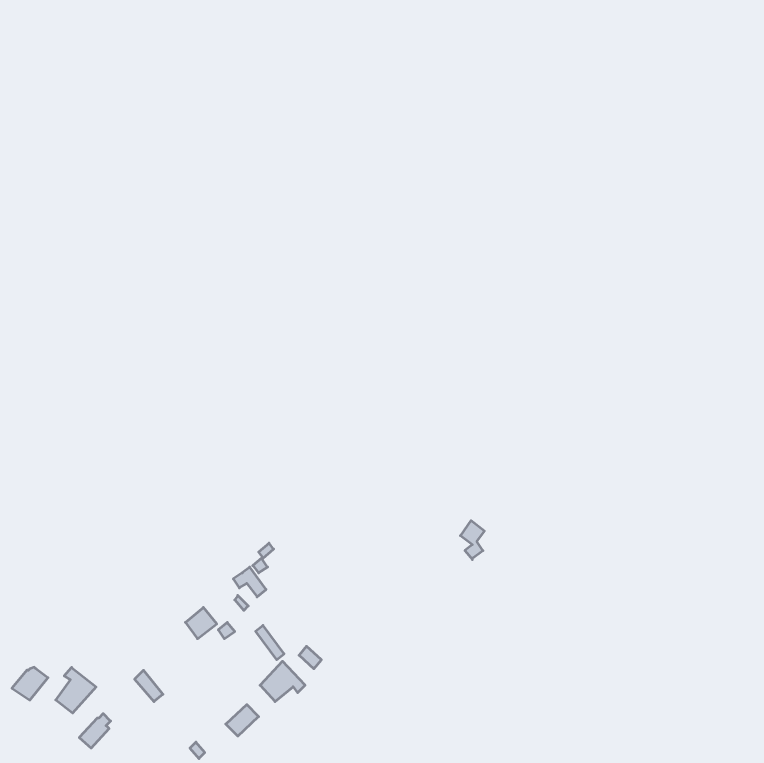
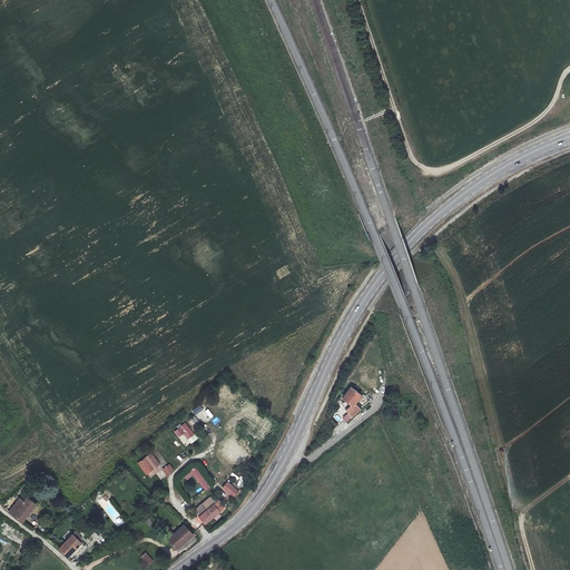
building: [56,667,96,713] -> none

